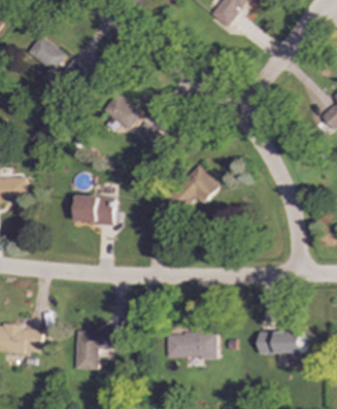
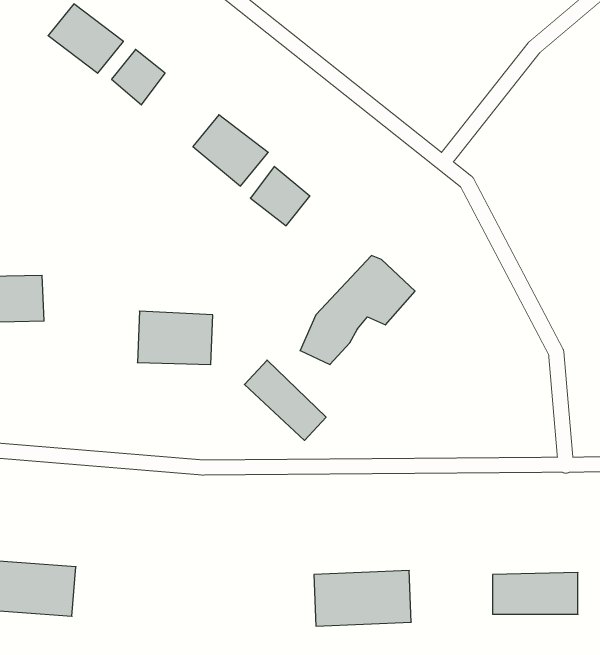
building: none -> [244,360,326,440]
building: [75,331,124,370] -> none

